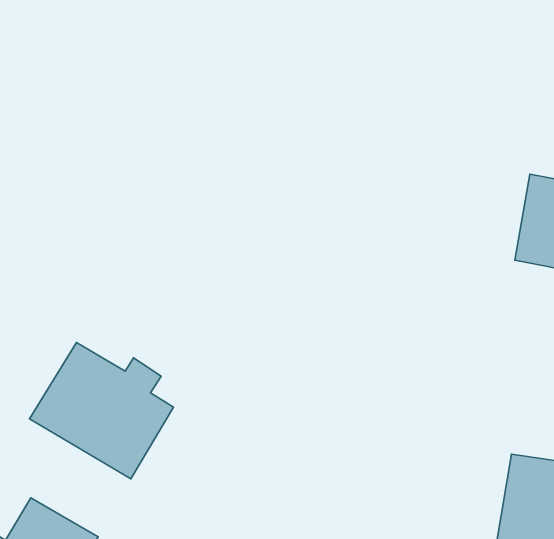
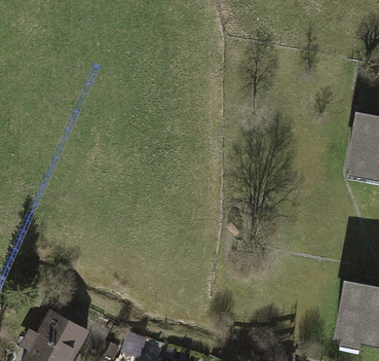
building: [29,342,174,479] -> none

